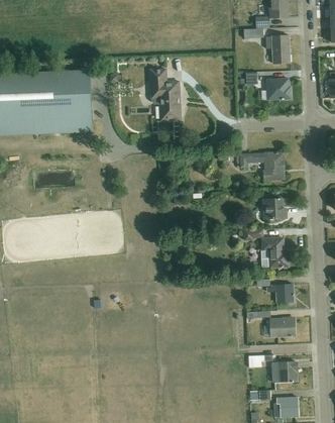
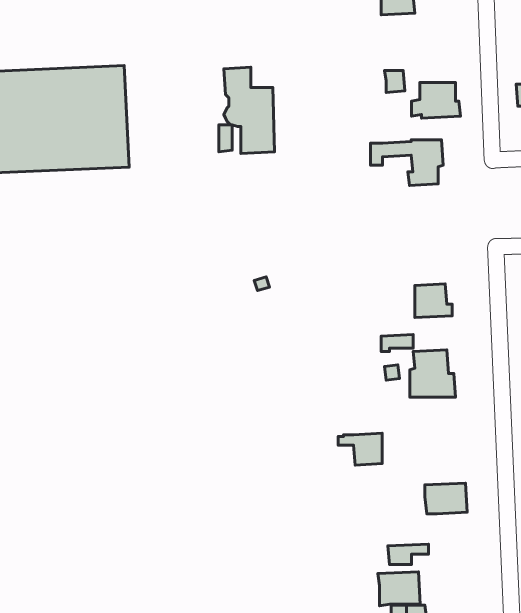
building: [265,34,289,63] -> none
building: [240,152,284,180] -> [371,140,443,185]
building: [266,284,293,303] -> [338,433,382,465]
building: [271,362,297,383] -> [378,572,420,606]

